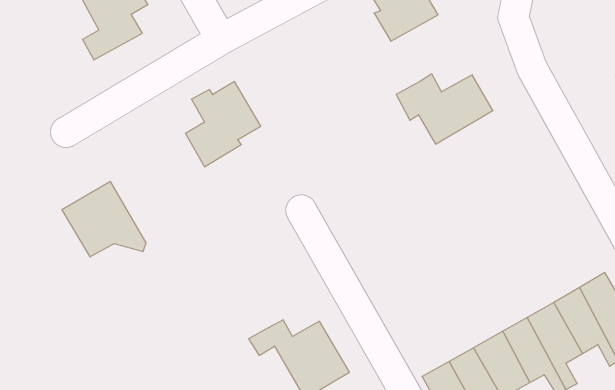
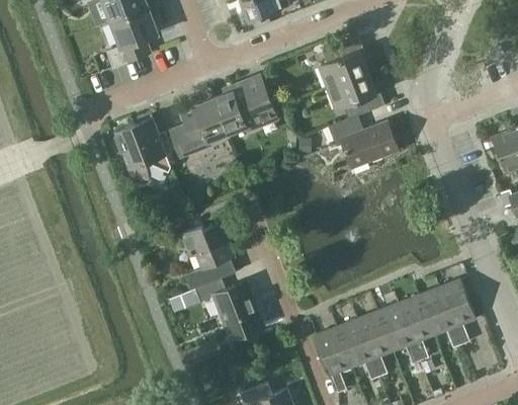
building: none -> [330,72,383,118]
building: none -> [211,76,276,134]
building: [62,182,146,257] -> [112,116,170,171]
building: none -> [181,221,234,290]

